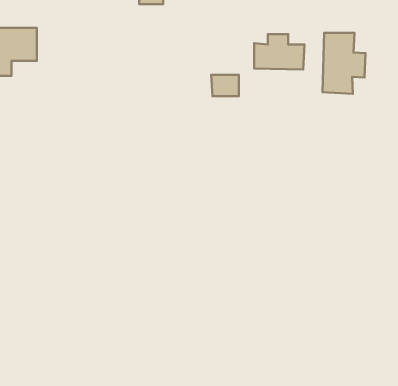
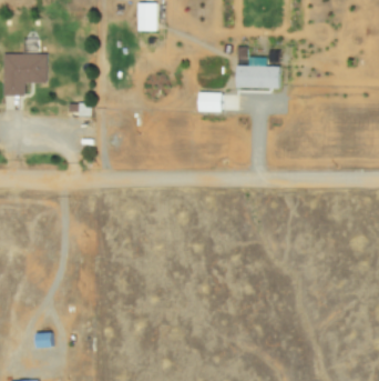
building: [323,33,366,94] -> none

